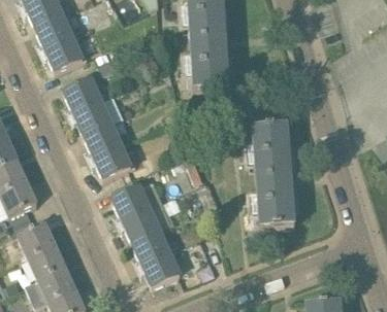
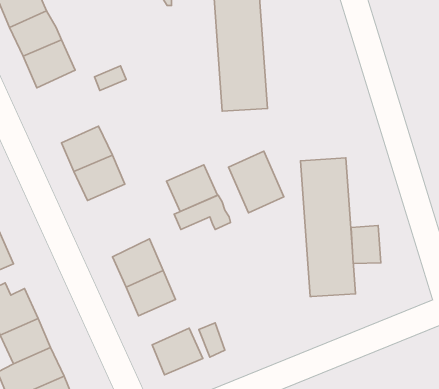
building: [63,76,101,112] -> none
building: none -> [229,151,284,213]
building: [93,143,131,178] -> [167,165,217,212]
building: none -> [351,226,381,264]
building: [131,230,169,264] -> none

